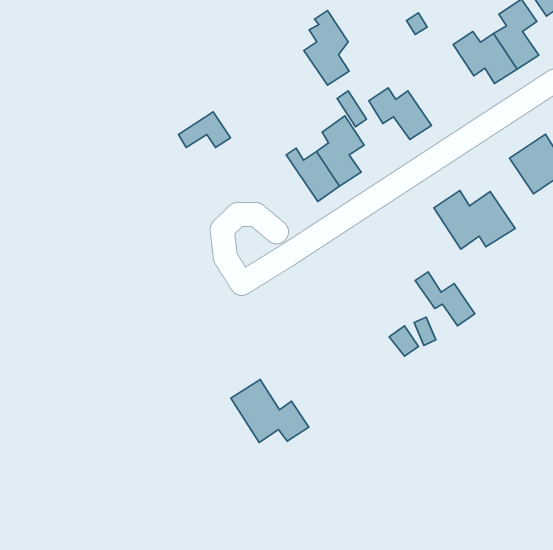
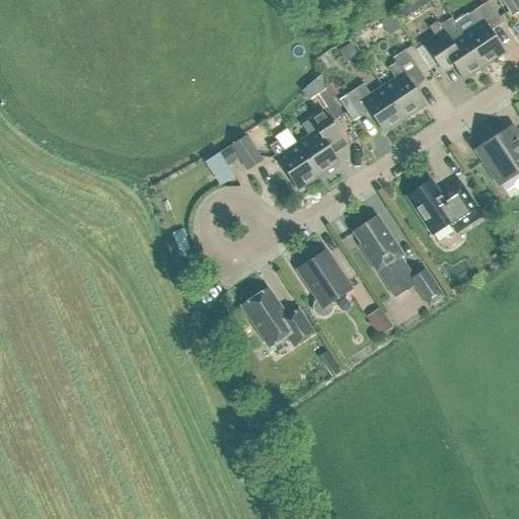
building: [304,10,349,85] -> [382,48,425,118]
building: [179,112,231,148] -> [213,135,262,168]
building: none -> [353,215,402,271]
building: none -> [297,248,352,313]
building: [231,380,309,442] -> [241,287,314,346]

